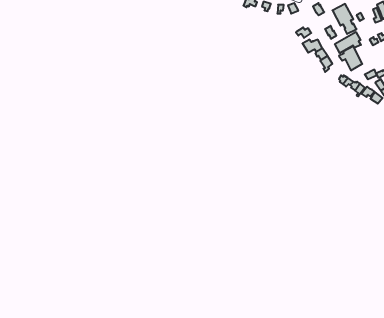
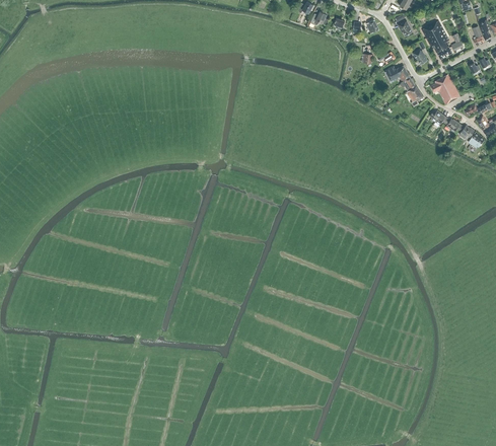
building: [335,32,361,53] -> none

